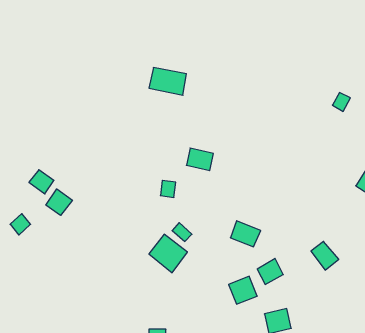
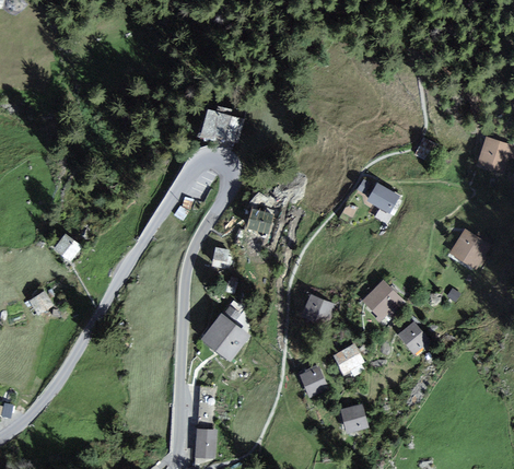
building: none -> [364,184,399,214]
building: [46,189,72,215] -> none
building: none -> [357,280,401,325]

